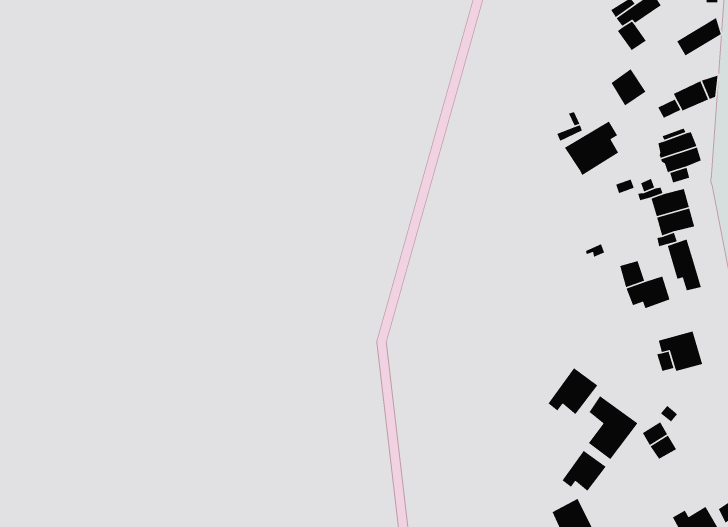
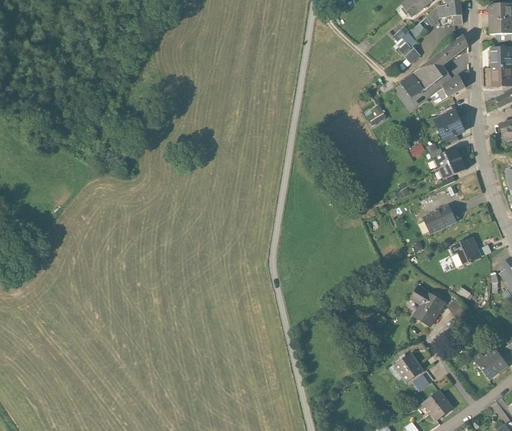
building: [564,120,619,176] -> [412,52,448,90]
building: [667,239,702,291] -> none
building: [547,367,598,415] -> none
building: [562,450,606,492] -> none

